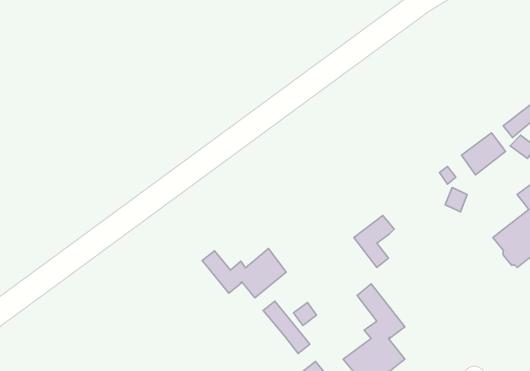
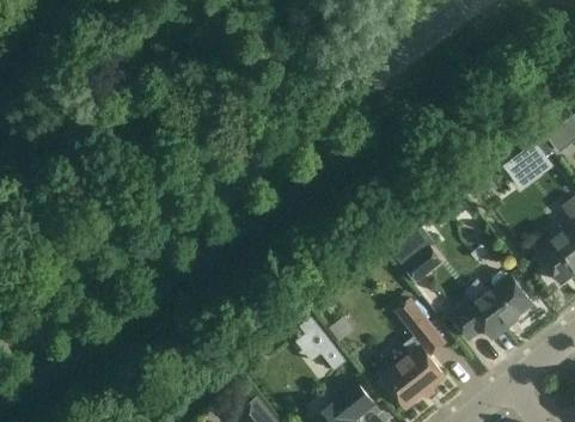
building: [202,249,286,298] -> none
building: none -> [449,271,532,340]

